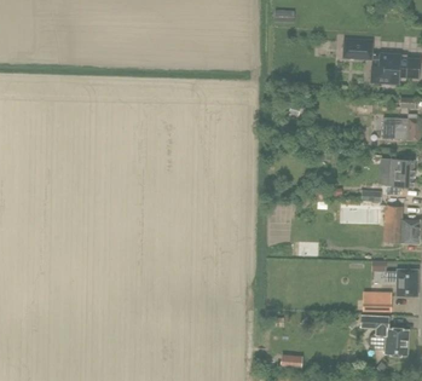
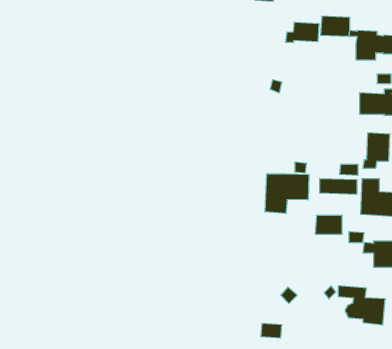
building: none -> [286,22,319,43]
building: none -> [265,174,309,214]
building: [363,291,391,311] -> [315,215,342,234]

